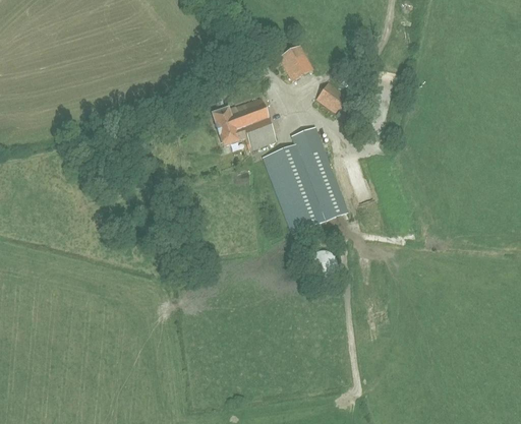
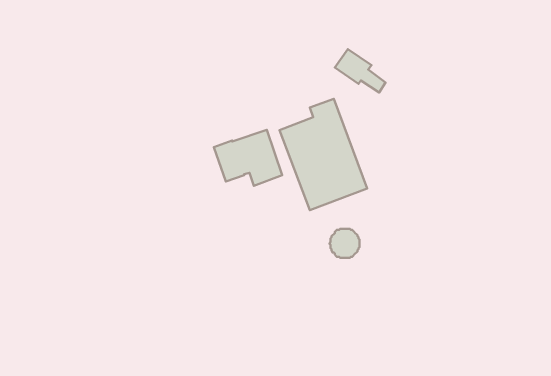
building: [278,43,314,80] -> none
building: [212,97,276,149] -> [214,130,282,186]

